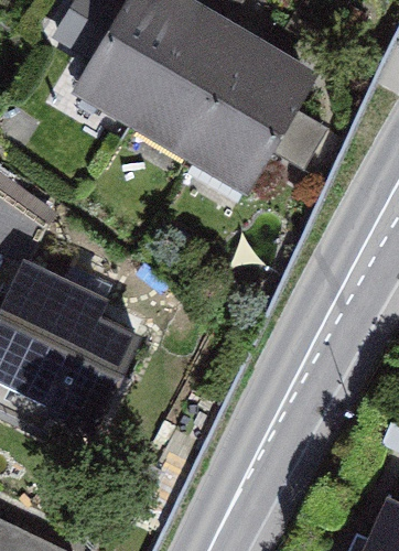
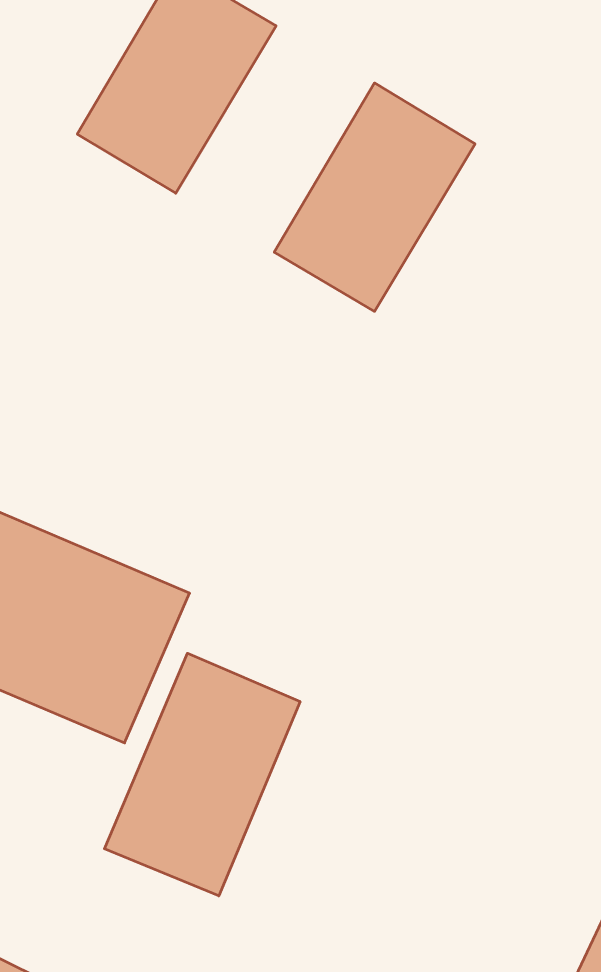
building: [137,18,248,144] -> none
building: none -> [104,653,300,896]

